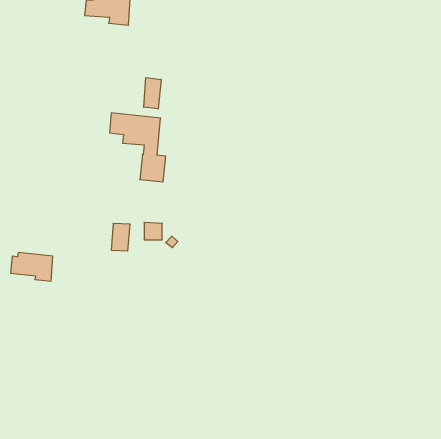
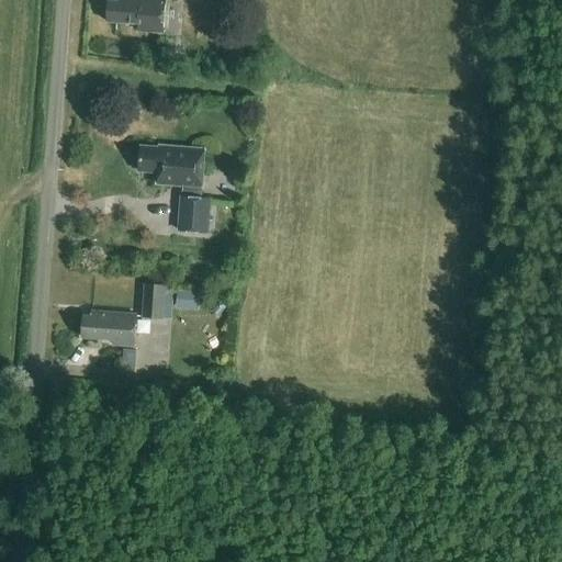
building: [144,78,161,109] -> none
building: [11,253,53,281] -> [81,310,135,346]

